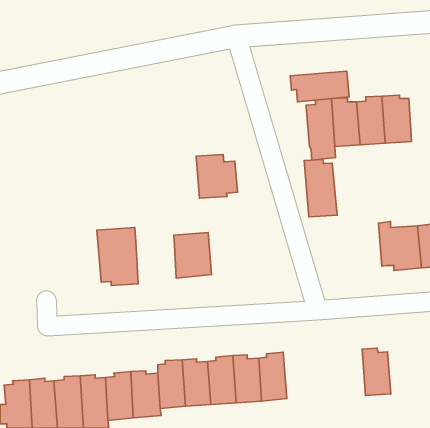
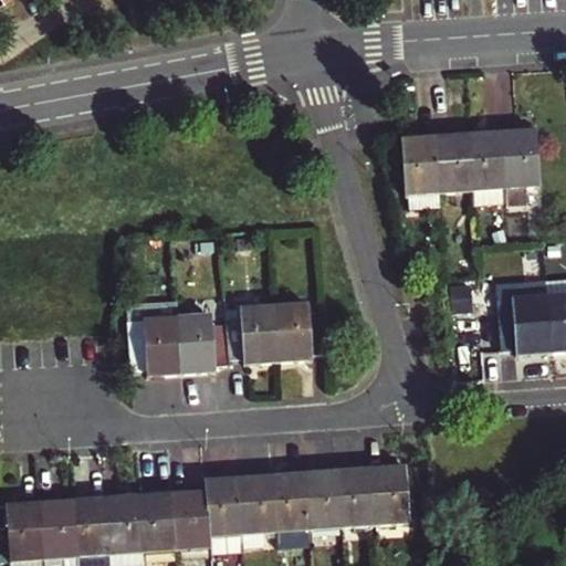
building: [290,71,349,102] -> none
building: [196,154,237,198] -> [274,303,328,360]
building: [304,159,337,217] -> none
building: none -> [179,314,232,373]
building: [362,348,391,395] -> [373,461,410,523]

